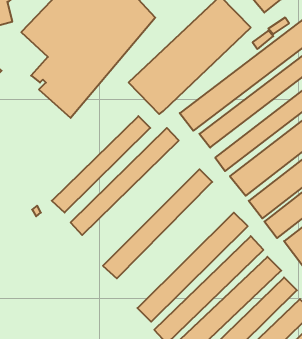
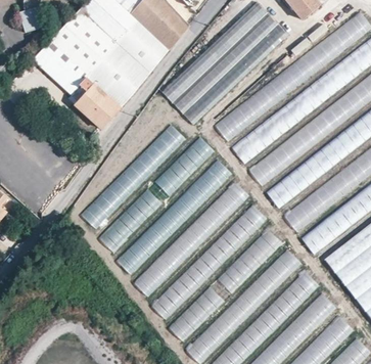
building: none -> [33,39,78,84]
building: none -> [117,160,233,273]
building: none -> [153,204,268,318]

